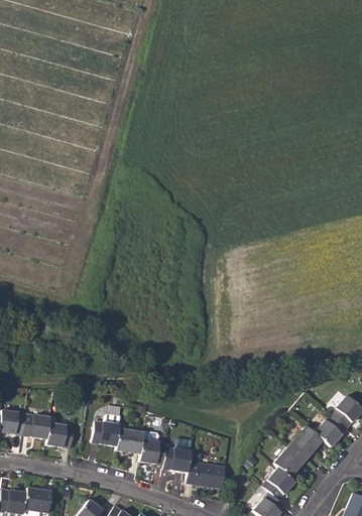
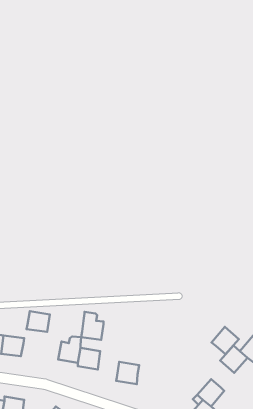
building: [46,422,75,447] -> [27,311,50,332]
building: [140,430,167,465] -> [81,312,104,340]
building: [274,443,308,477] -> [212,327,239,354]
building: [187,461,226,489] -> none

